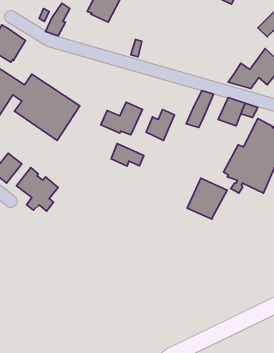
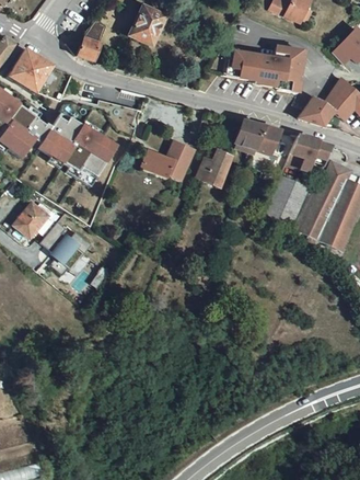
building: none -> [221,46,303,92]
building: none -> [234,121,265,149]
building: [111,144,144,166] -> none
building: [187,178,227,219] -> [260,178,309,227]

